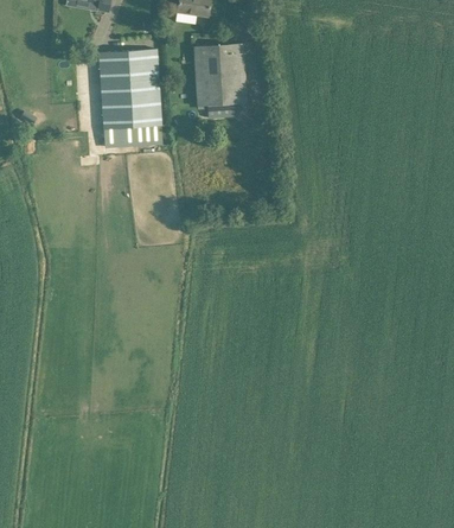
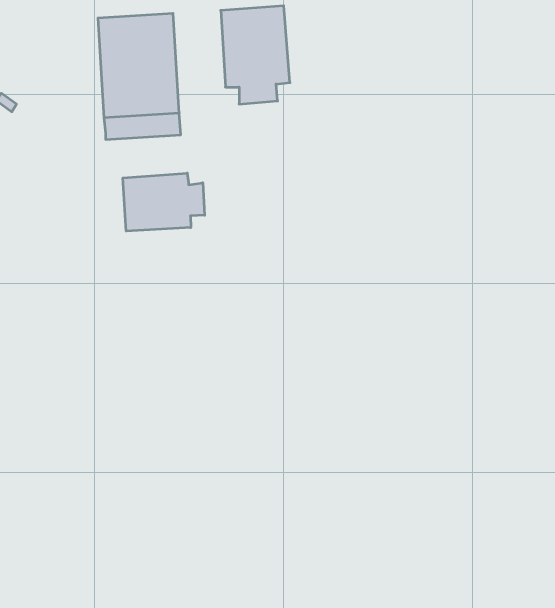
building: none -> [123,173,205,231]

